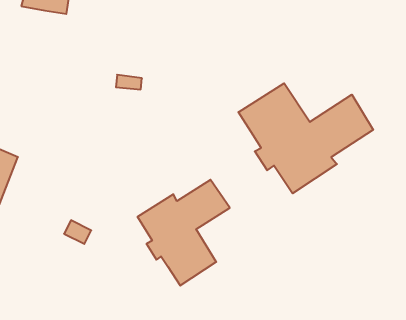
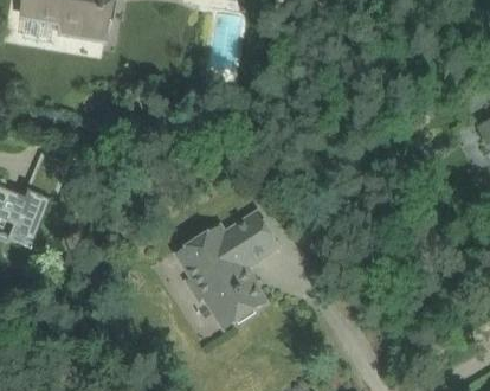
building: [238,83,373,193] -> none

